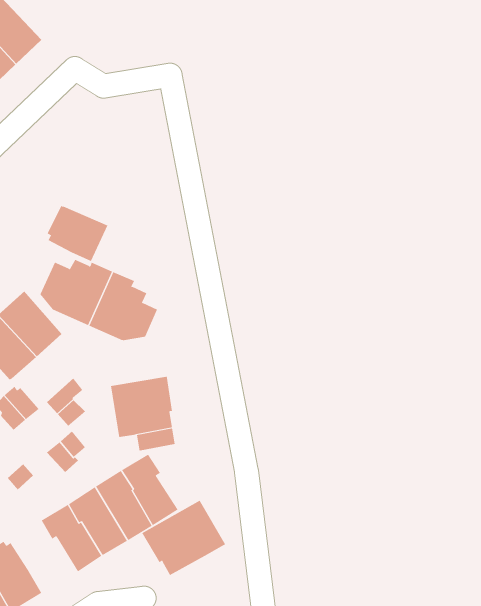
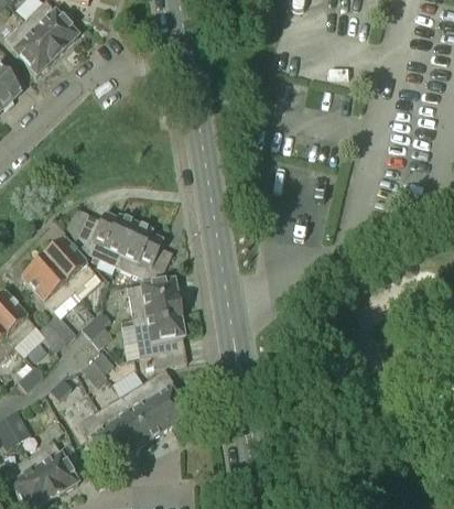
building: [47,205,108,262] -> none
building: none -> [128,279,180,315]
building: [142,500,226,576] -> none

